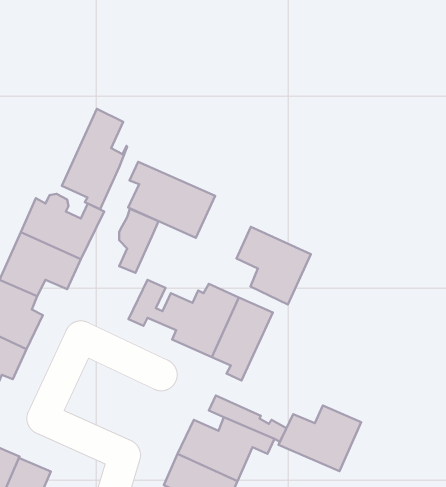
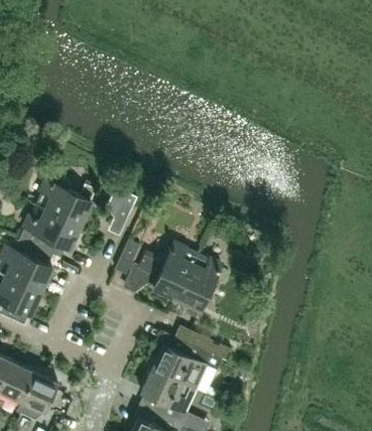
building: [62,109,127,209] -> none
building: [128,162,215,238] -> none
building: [236,227,311,305] -> none
building: [279,406,361,471] -> none

